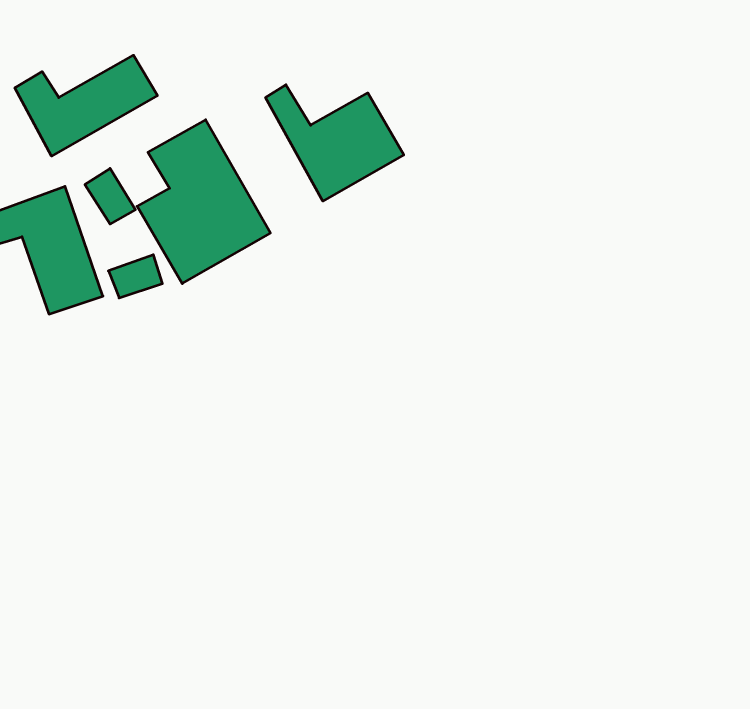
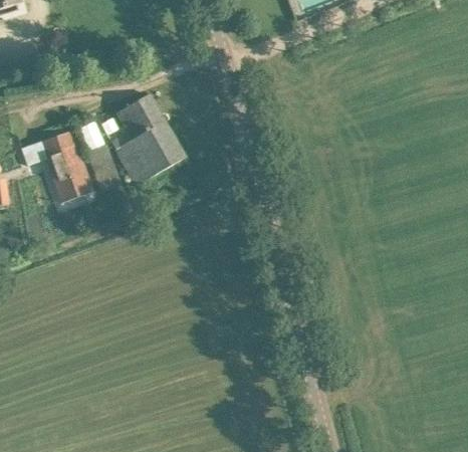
building: [15,55,157,156] -> none
building: [266,85,404,201] -> none

